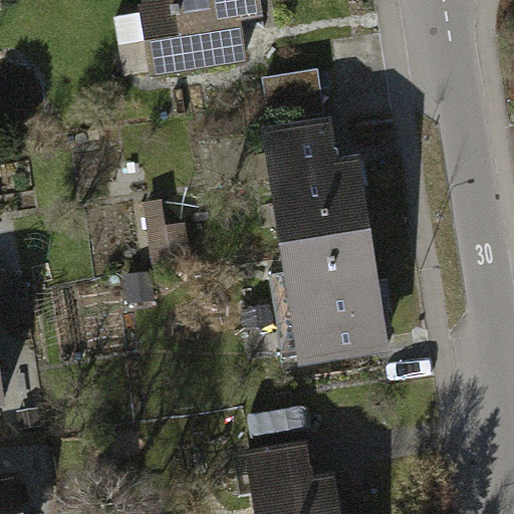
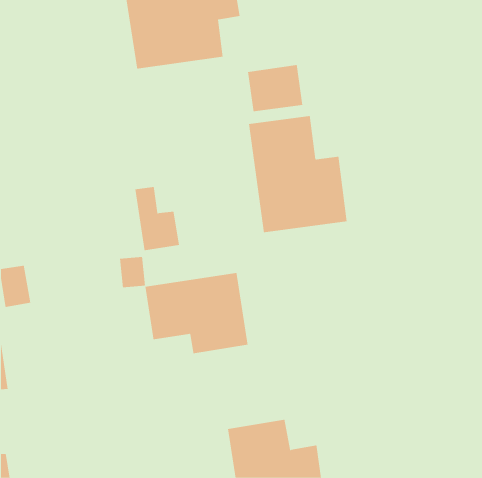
building: [281,235,388,369] -> none
building: none -> [145,272,248,354]

